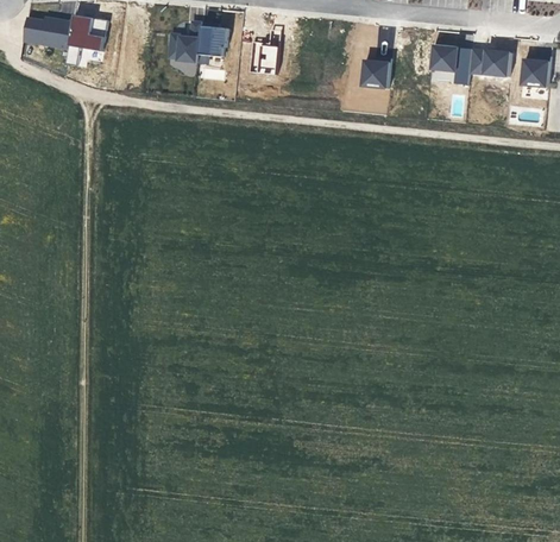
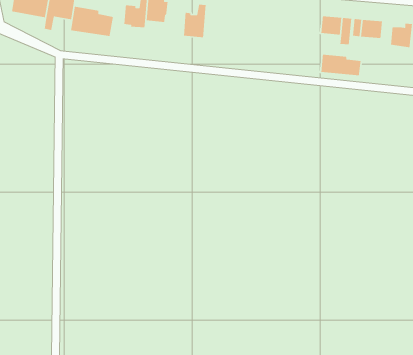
building: none -> [70,6,114,37]
building: [361,57,391,89] -> none
building: none -> [320,54,361,76]

